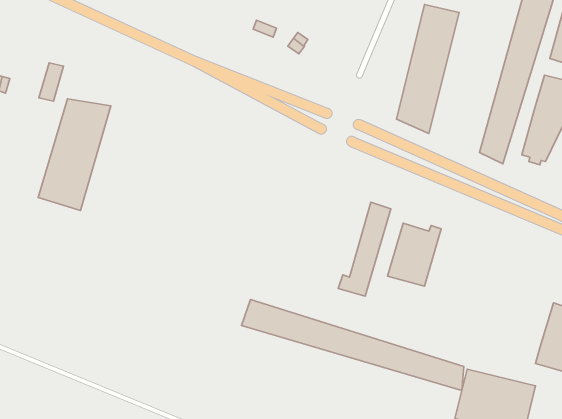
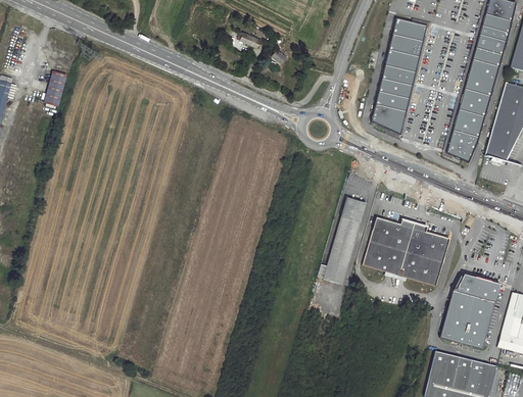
building: [38,99,111,211] -> none
building: none -> [396,222,449,287]
building: none -> [440,272,502,348]
building: [242,300,464,390] -> none

